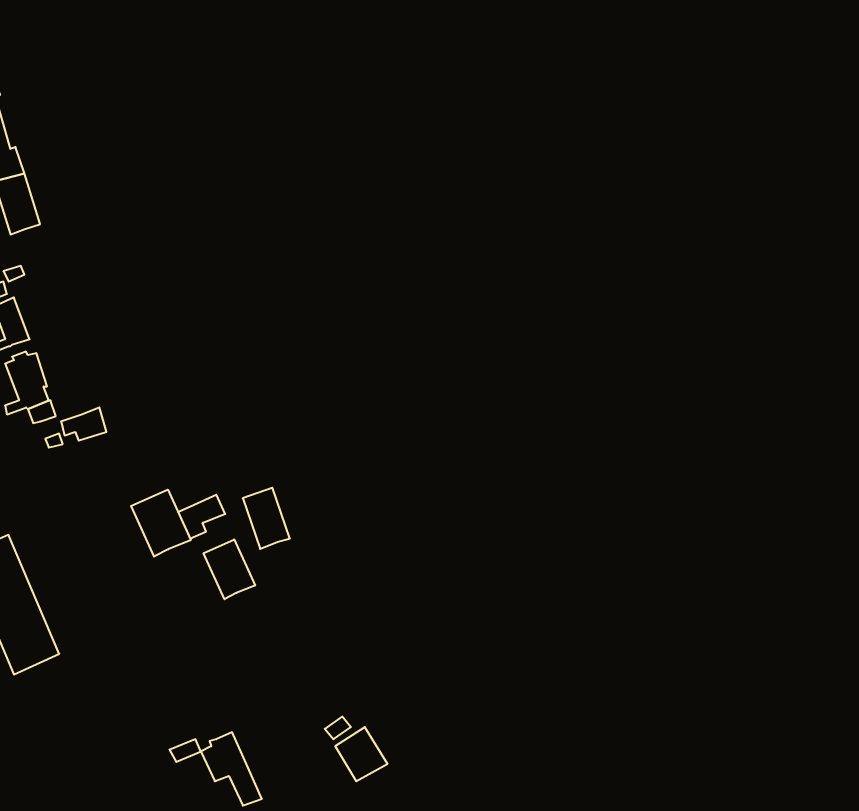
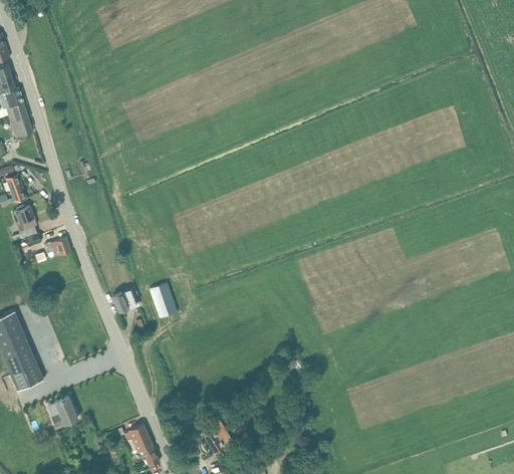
building: [131,490,191,557] -> none
building: [204,539,255,599] -> none
building: none -> [52,396,77,427]

